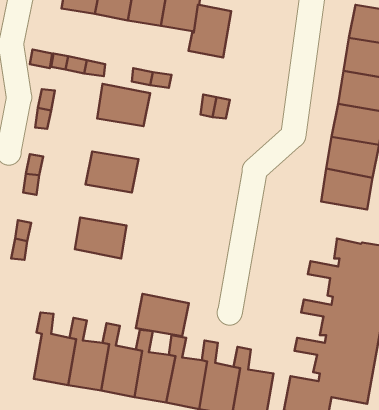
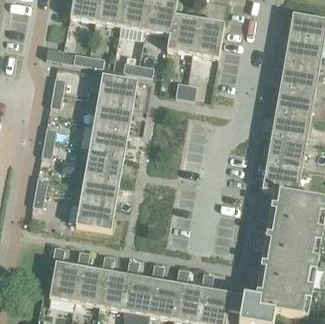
building: none -> [192,19,224,58]
building: none -> [93,100,132,131]
building: none -> [84,150,123,181]
building: none -> [261,163,301,195]
building: [136,294,189,336] -> [75,199,115,231]

